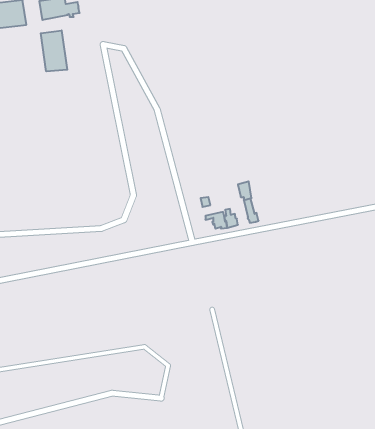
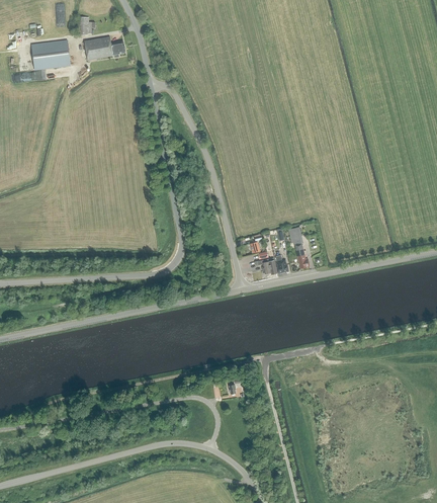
building: [41,30,67,71] -> none

